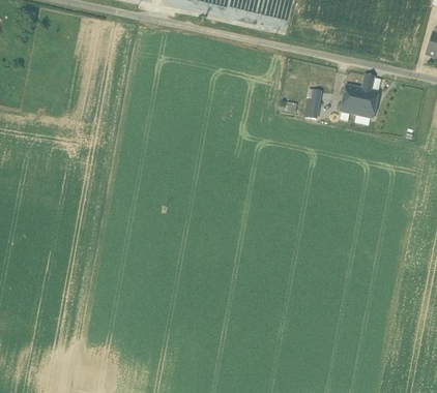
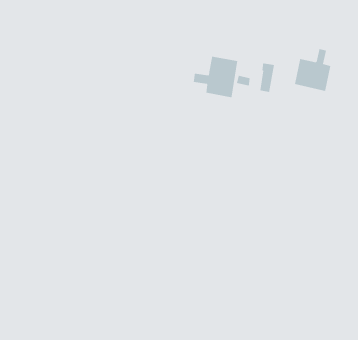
building: none -> [193,56,238,98]

